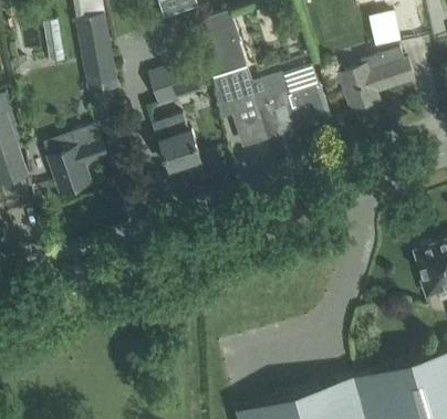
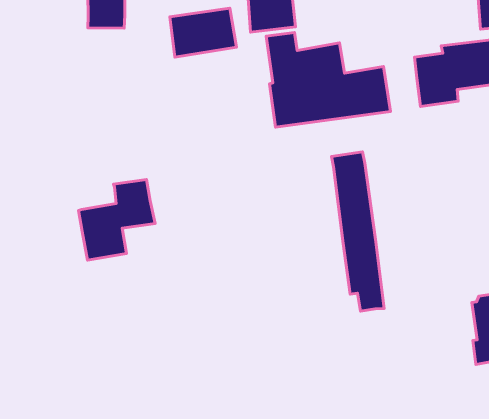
building: [153,115,201,169] -> none
building: [49,125,108,193] -> [78,180,155,260]
building: none -> [332,152,384,311]

